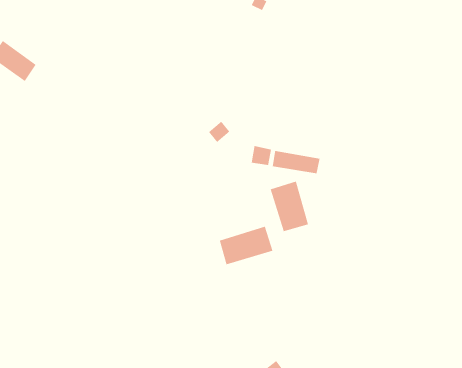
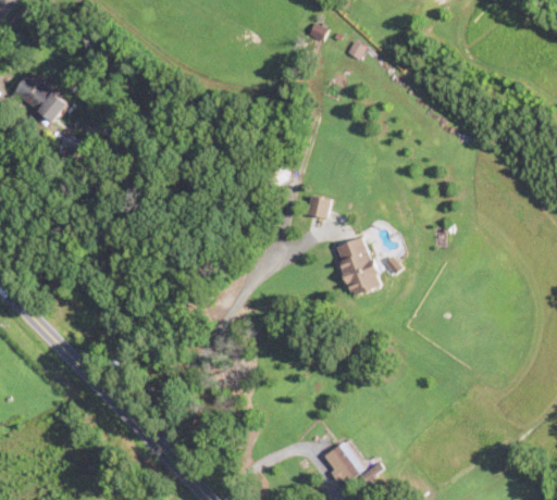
building: [272,150,320,174] -> none
building: [219,226,273,265] -> none

